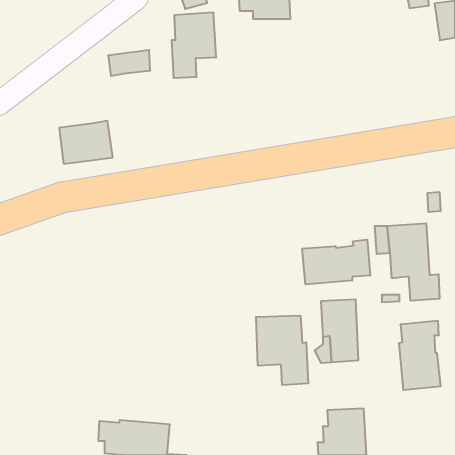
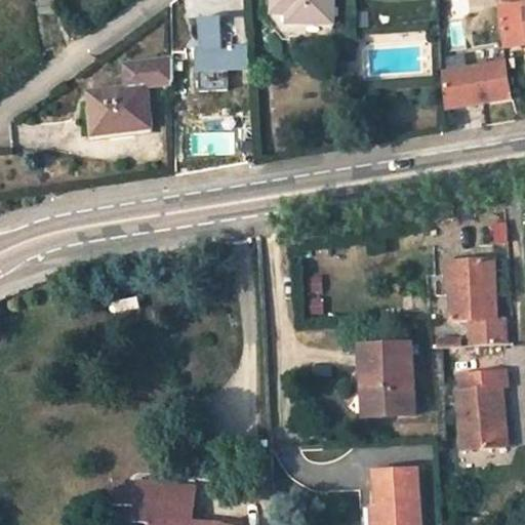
building: none -> [444,60,512,108]
building: [59,121,113,164] -> [89,84,151,133]
building: [302,240,370,284] -> none
building: [256,316,308,385] -> none

